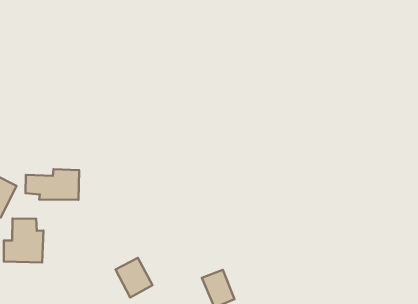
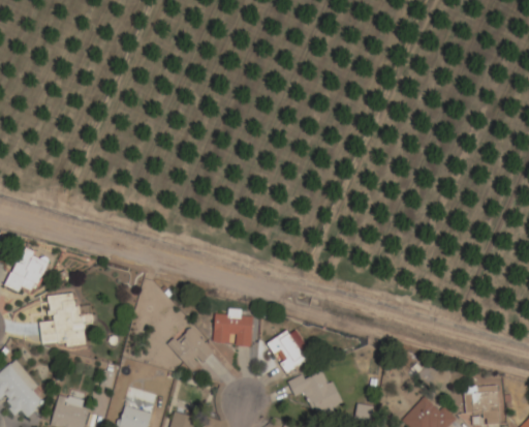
building: [25,169,79,200] -> none
building: none -> [213,308,252,346]

